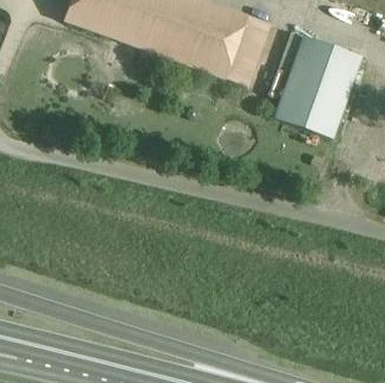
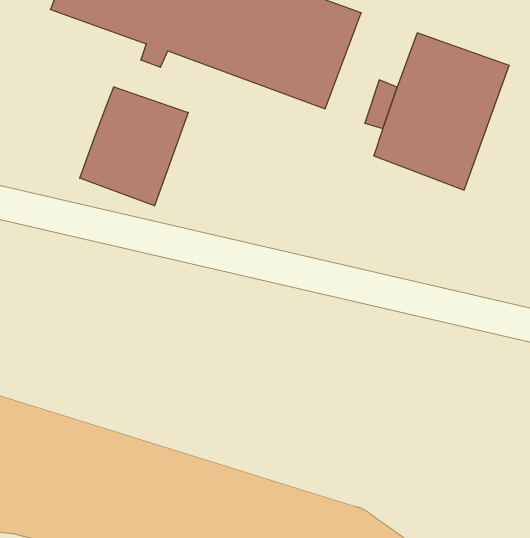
building: none -> [80,87,188,206]

